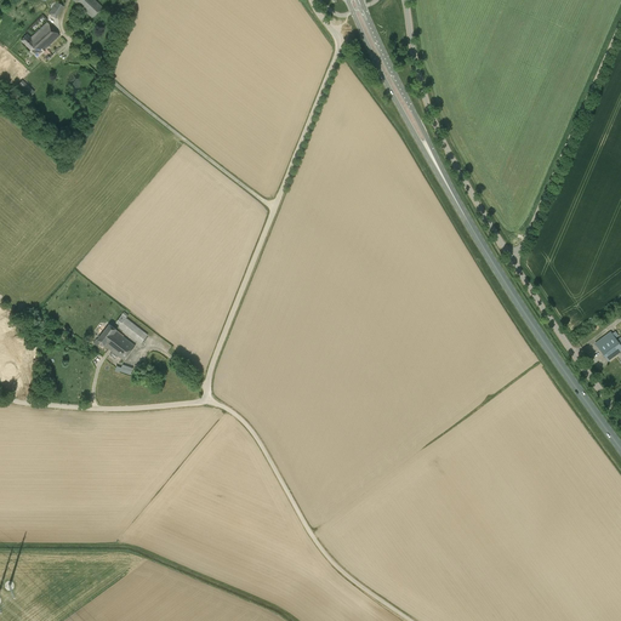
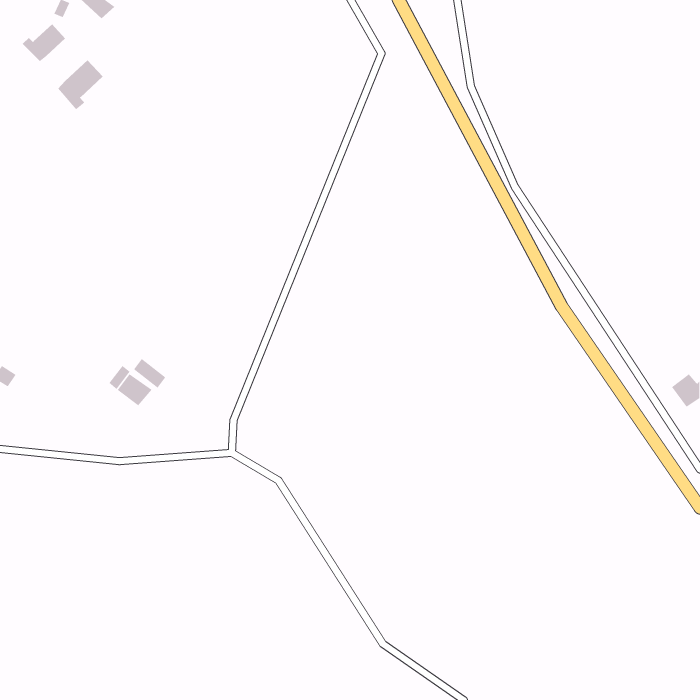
building: none -> [57,59,104,110]

